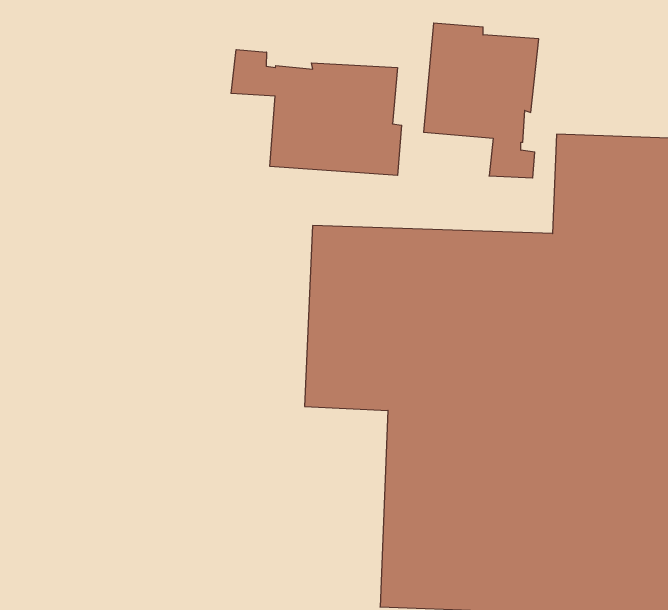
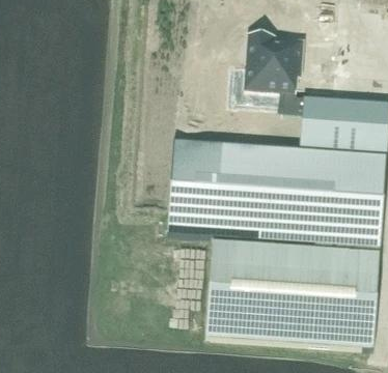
building: [231,50,402,175] -> none

